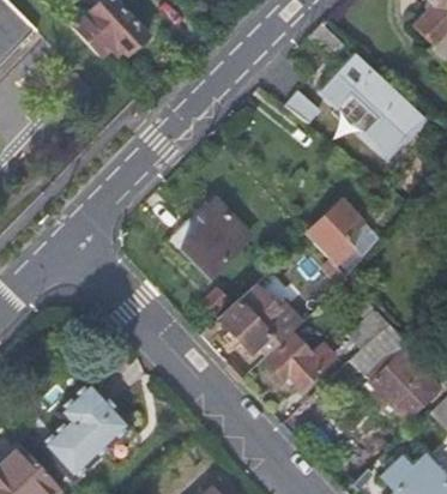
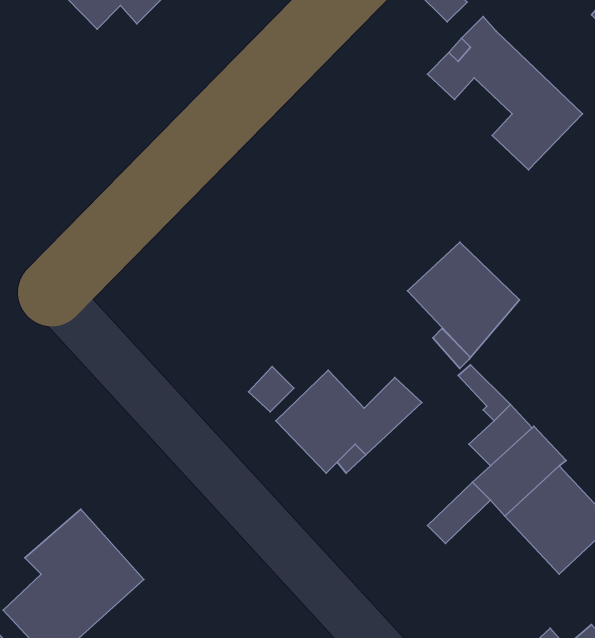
building: [181,199,252,278] -> none
building: [267,337,338,390] -> none

